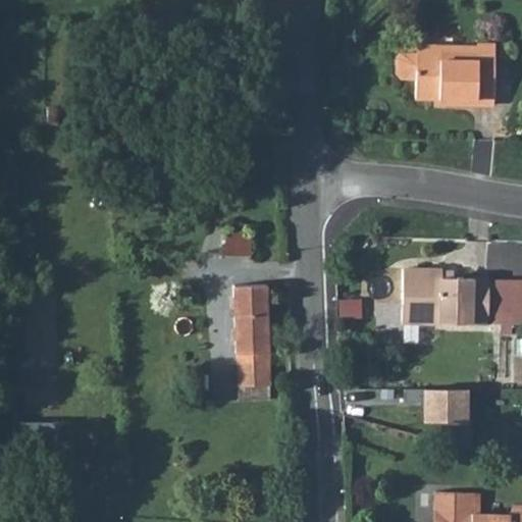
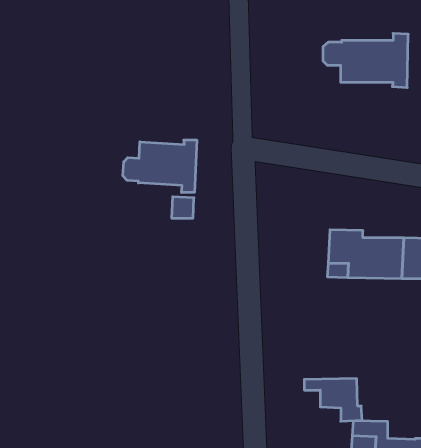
building: none -> [123,140,197,193]
building: [236,284,269,385] -> none
building: [408,389,474,438] -> [304,379,362,421]

